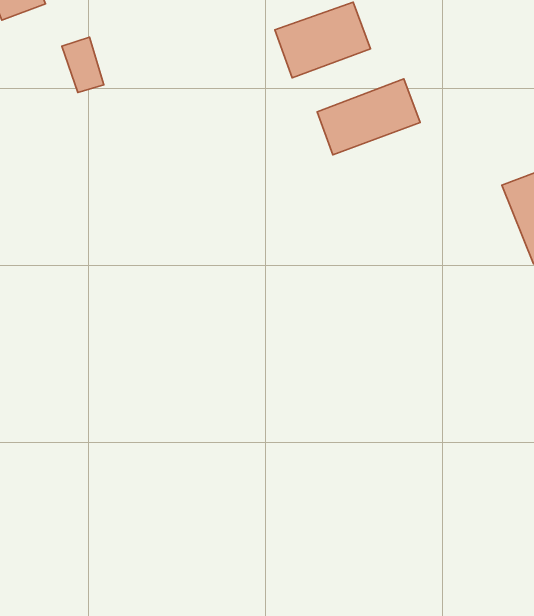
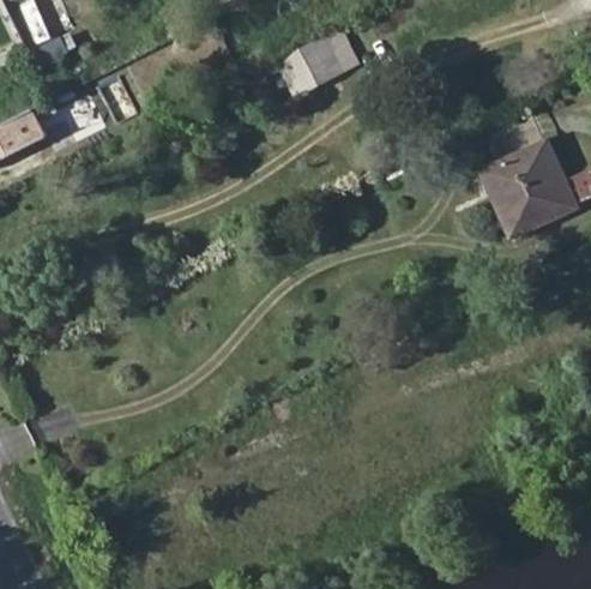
building: [317,79,420,155] -> none

